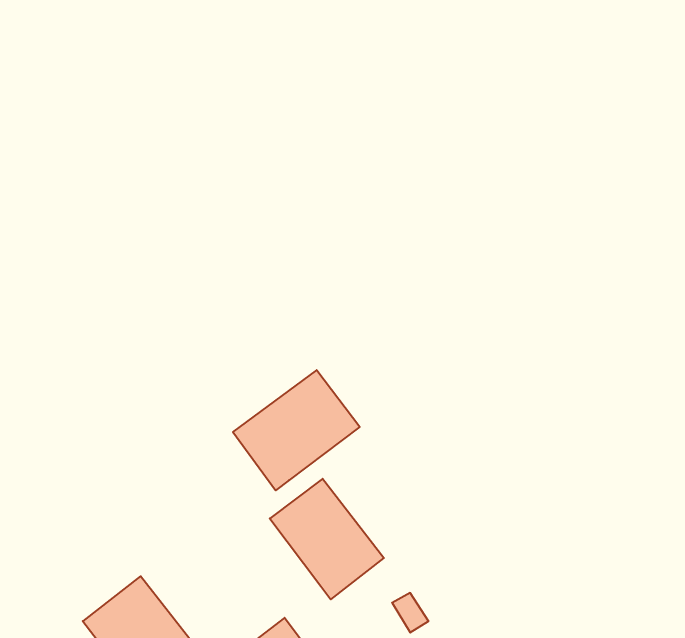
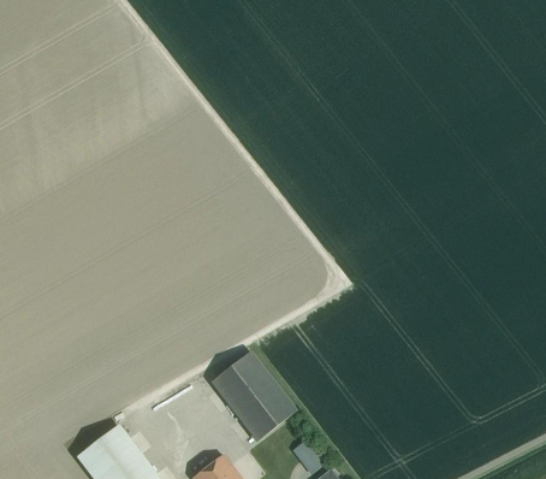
building: [233,370,360,490] -> none

